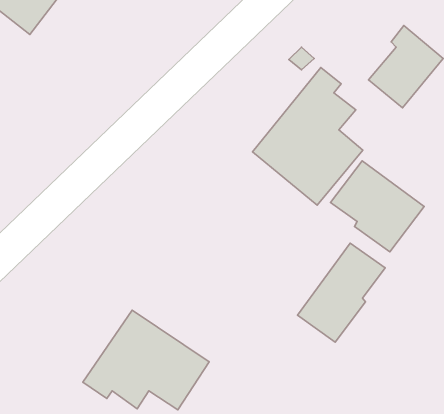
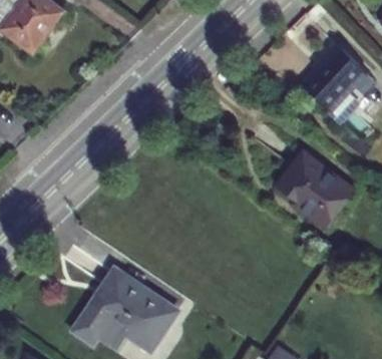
building: [252,68,363,205] -> none
building: [297,243,385,342] -> none

